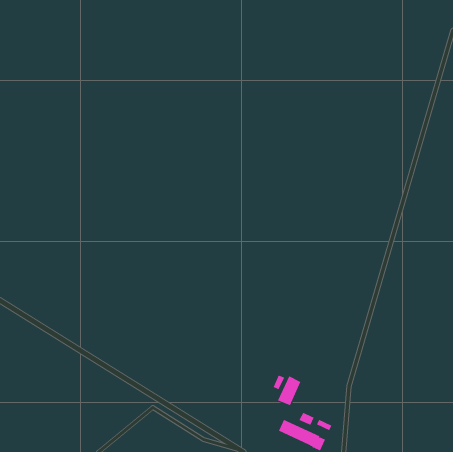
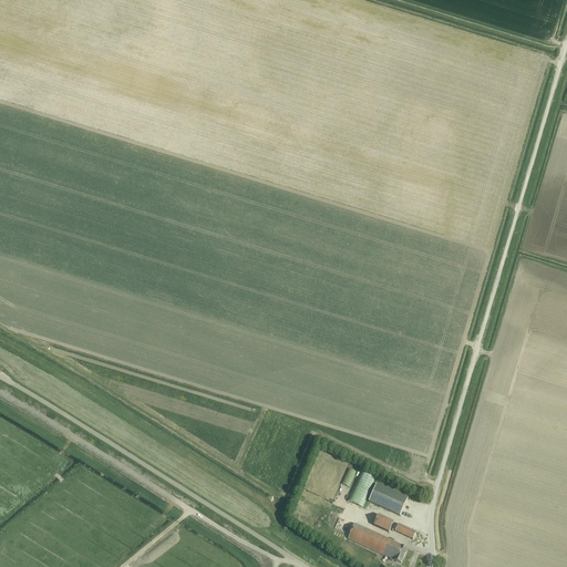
building: none -> [368,484,406,514]

